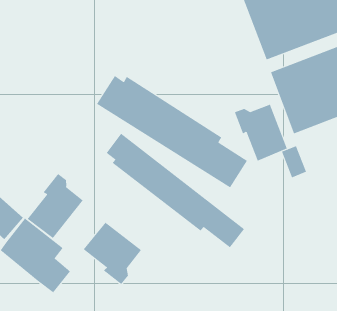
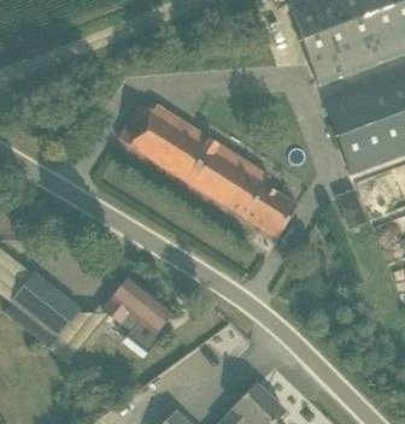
building: [234,104,288,161] -> none
building: [106,133,245,248] -> none
building: [27,173,84,239] -> none

